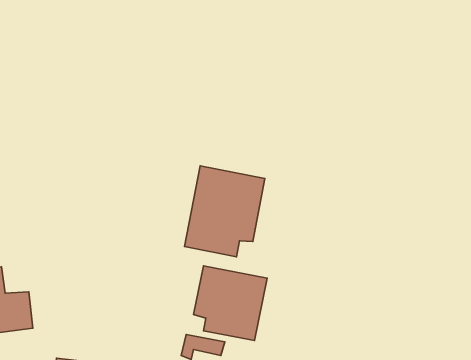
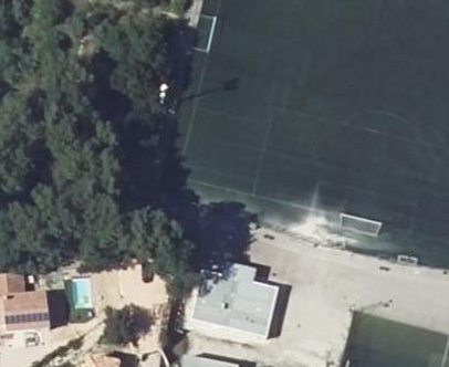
building: [184,166,265,257] -> none

